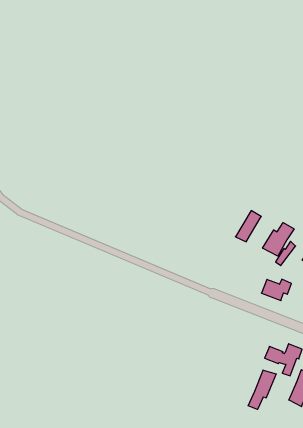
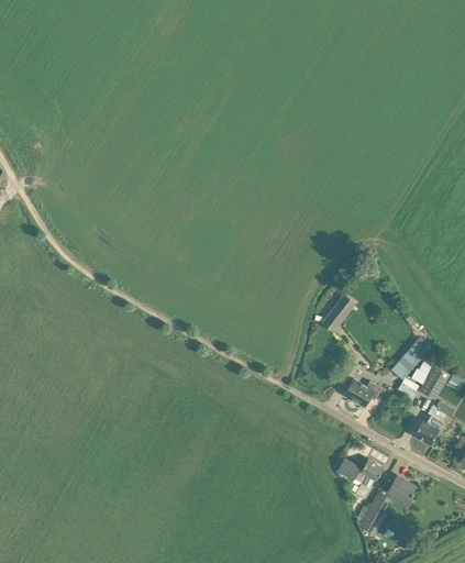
building: [263,223,294,256] -> none
building: [248,370,276,409] -> none

